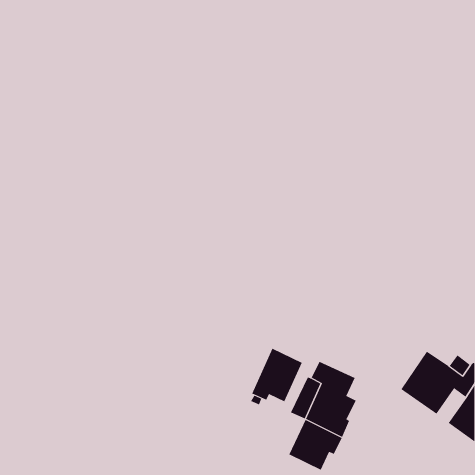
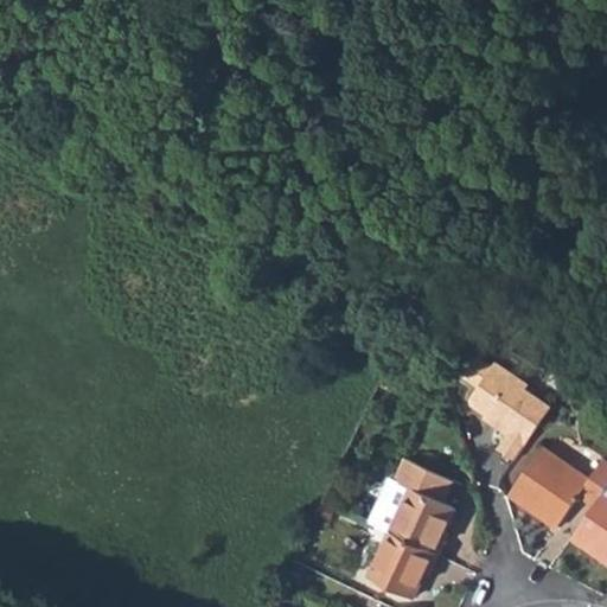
building: none -> [464,353,552,460]
building: [252,348,303,402] -> none

